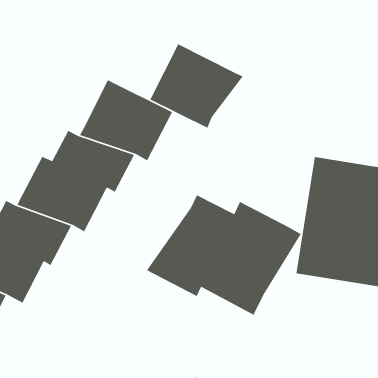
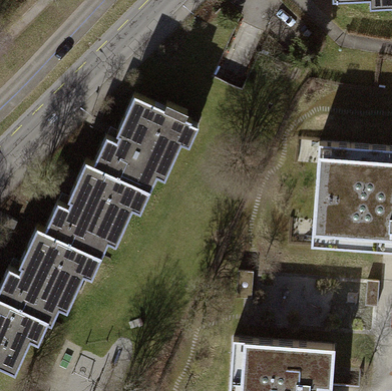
building: [149,43,244,129] -> none
building: [146,194,302,316] -> none

